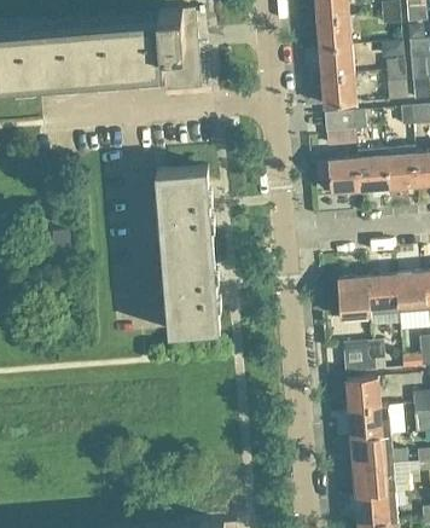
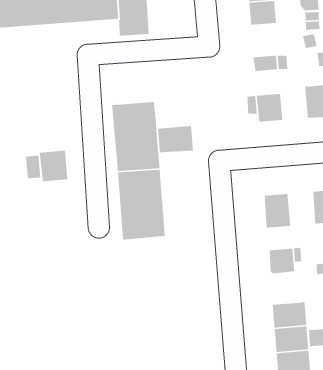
building: [322,77,356,110] -> none
building: [358,152,390,193] -> none
building: none -> [157,125,194,153]
building: none -> [39,150,68,182]
building: [367,278,399,320] -> none
building: [345,382,380,413] -> none

